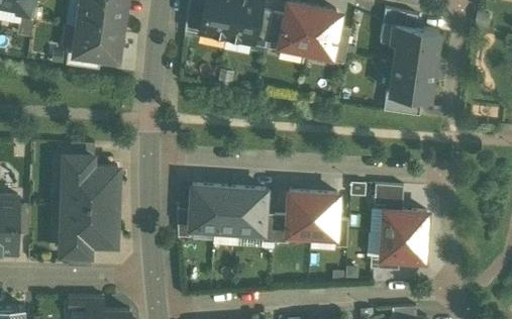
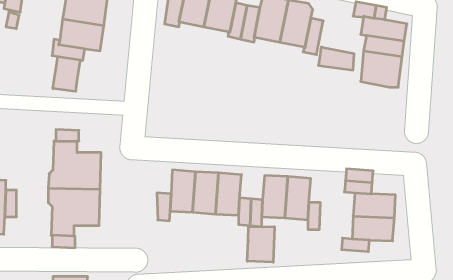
building: none -> [53,57,80,91]
building: [383,92,420,116] -> [318,47,354,70]
building: none -> [247,226,274,262]

